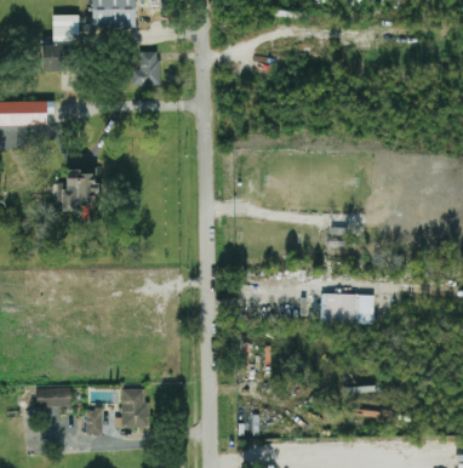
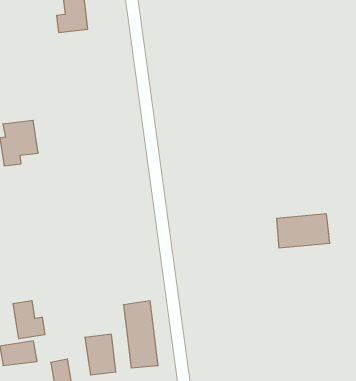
building: none -> [13,301,45,339]
building: none -> [124,301,158,368]

